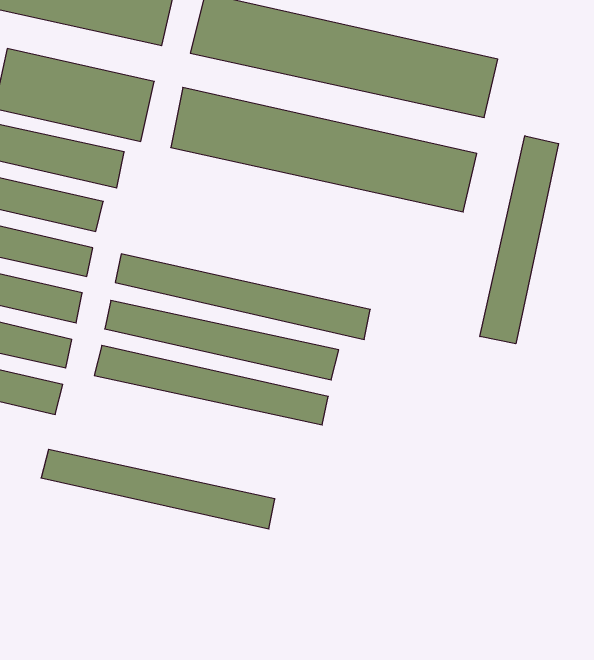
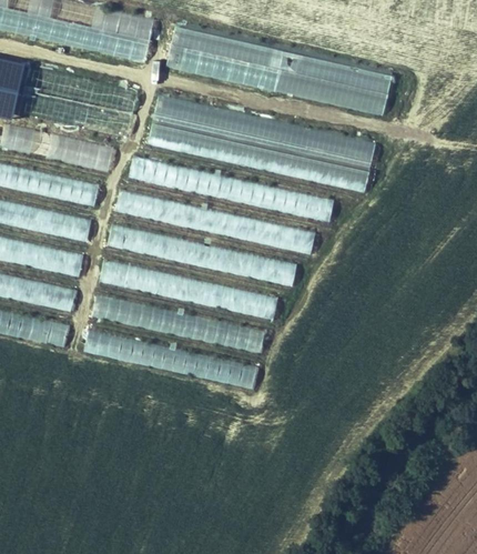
building: [480,136,559,344] -> none
building: none -> [129,157,333,223]
building: none -> [115,189,315,254]
building: [41,449,275,529] -> [84,325,257,384]

